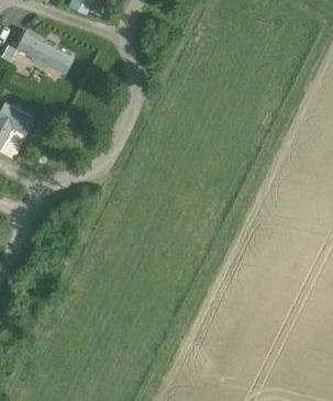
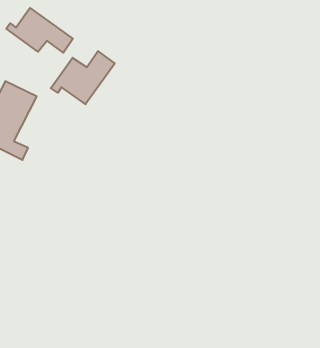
building: none -> [51,51,115,104]

